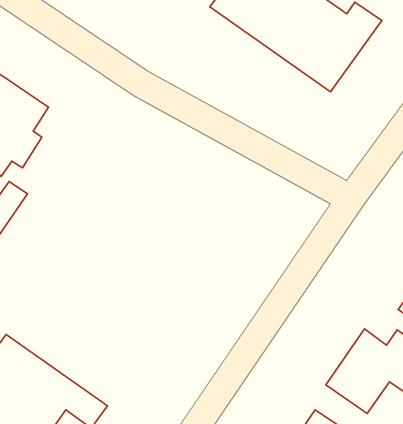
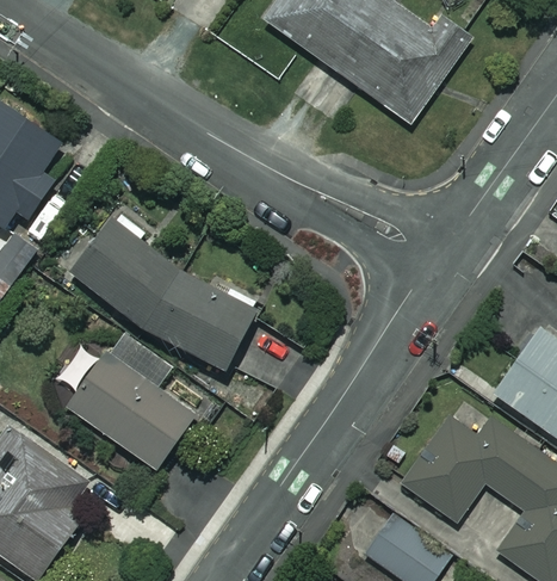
building: none -> [75,218,256,375]
building: none -> [60,346,194,469]

